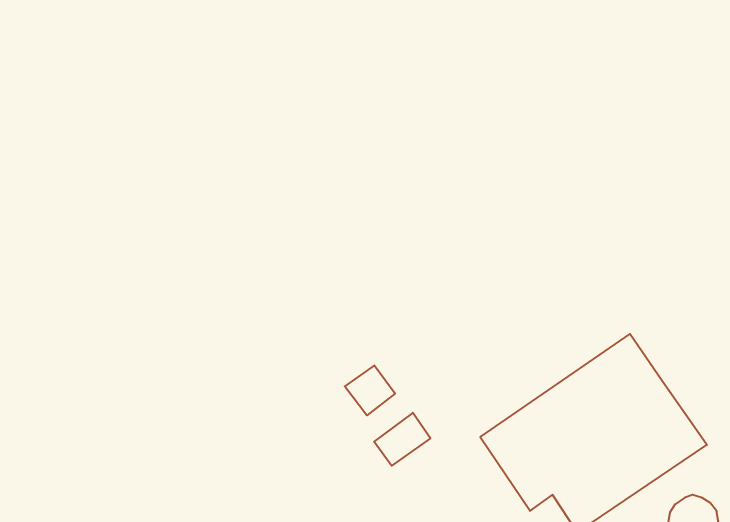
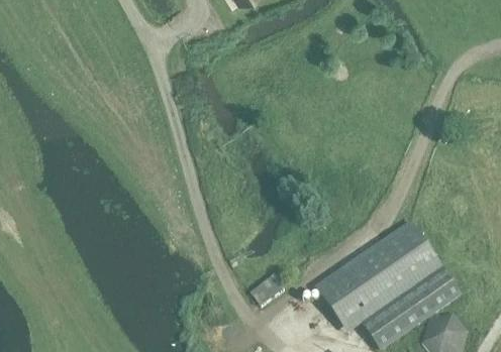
building: [345,365,395,415] -> none

